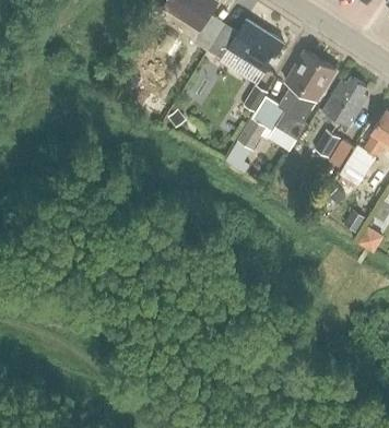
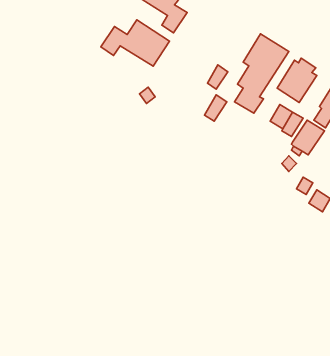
building: [207,19,284,71] -> [101,20,170,66]

